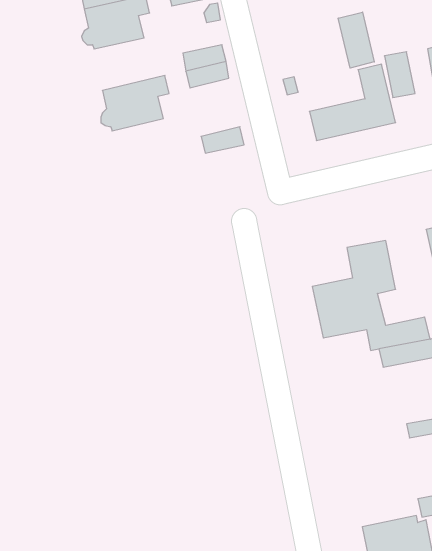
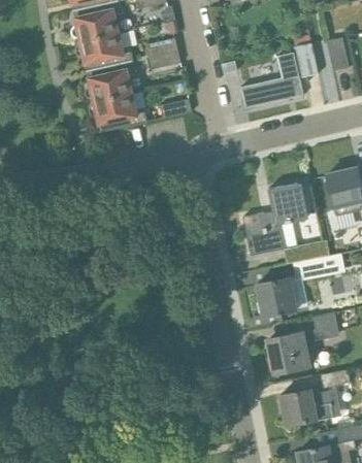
building: [338,12,374,68] -> none
building: none -> [75,33,133,72]
building: none -> [90,93,147,133]
building: none -> [257,277,295,317]
building: none -> [268,331,315,373]

